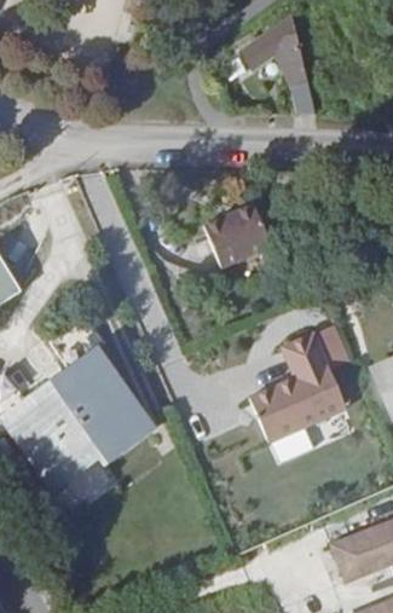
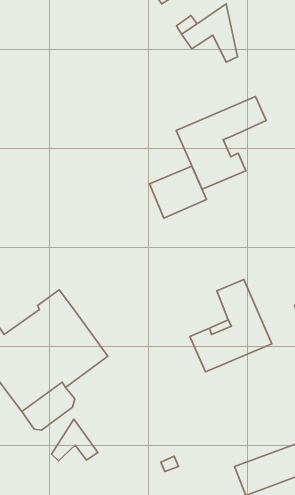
building: none -> [176,97,266,189]
building: none -> [52,419,98,461]

